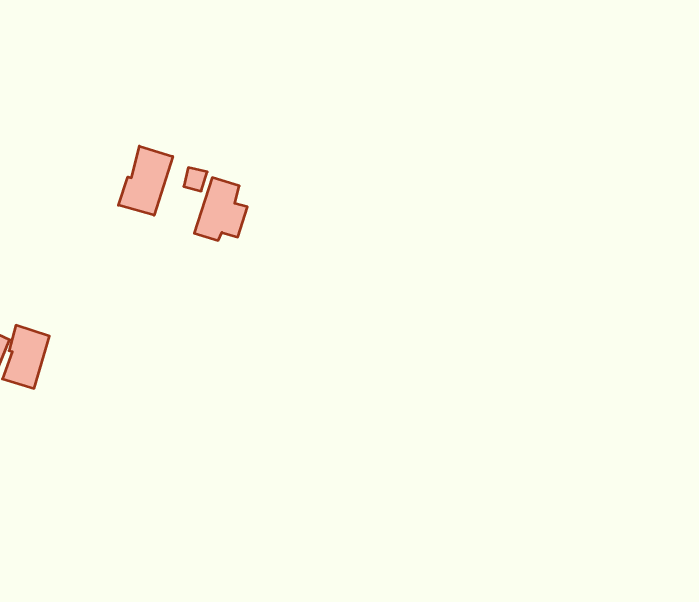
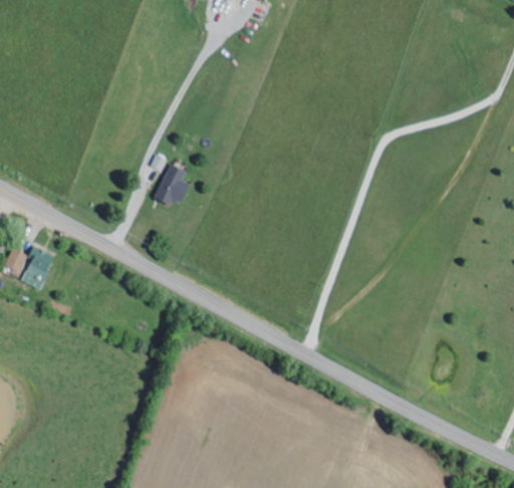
building: [118,146,173,215] -> none

